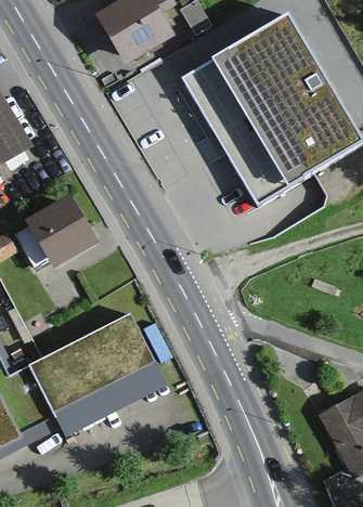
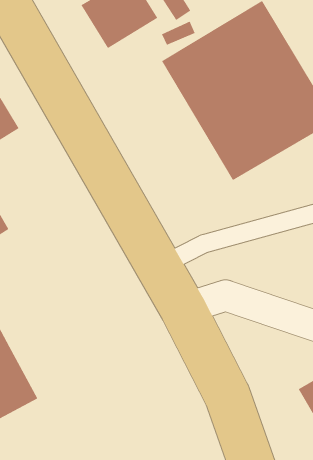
building: [26,196,101,266] -> none
building: [17,312,167,429] -> none

